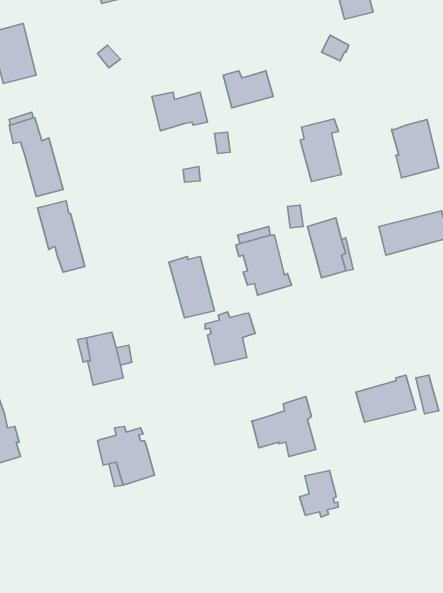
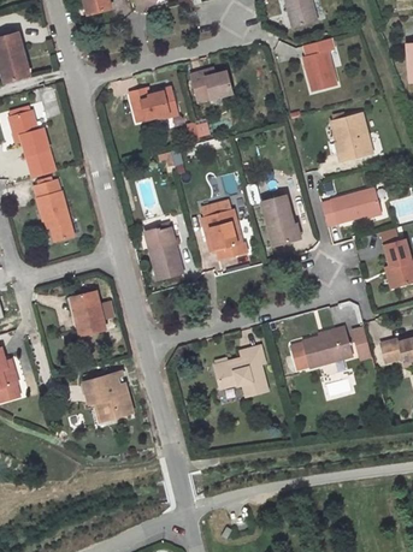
building: [300,119,341,182] -> [301,38,336,91]
building: [205,312,255,365] -> none
building: [299,470,338,517] -> none

